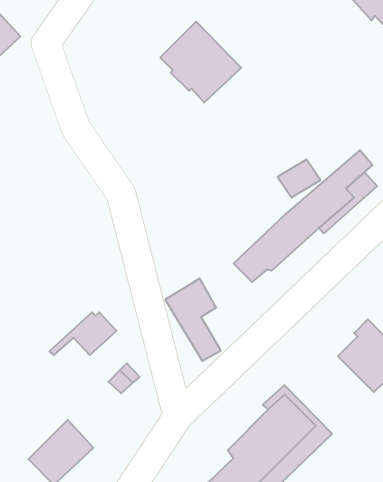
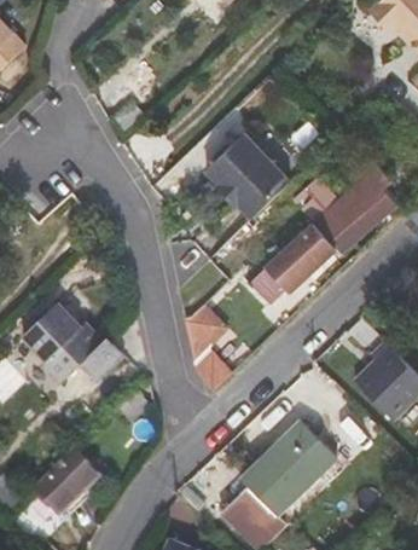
building: [160,22,241,103] -> [205,133,290,218]
building: none -> [22,300,99,376]

